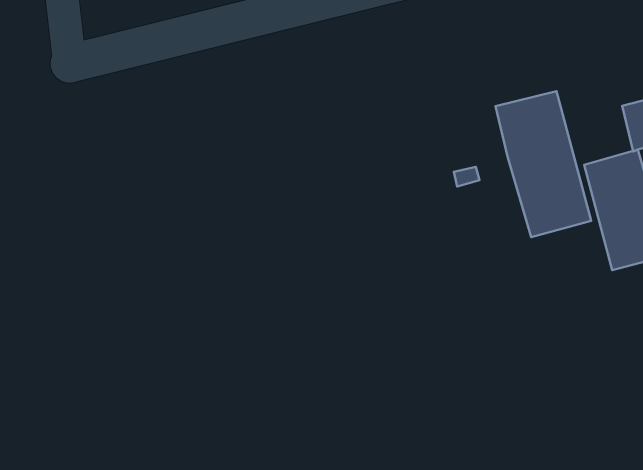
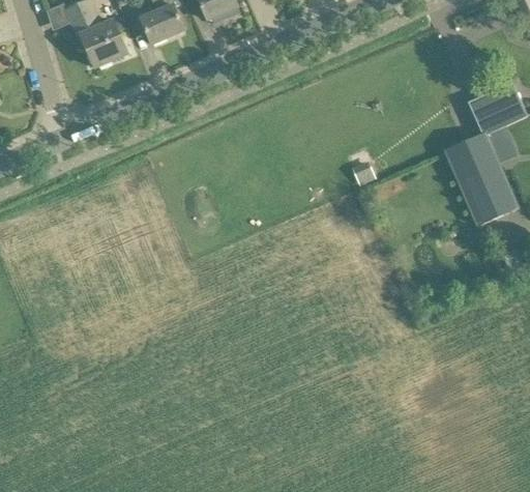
building: [495,91,591,237] -> none

